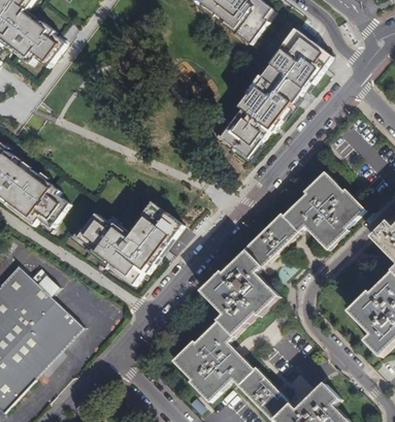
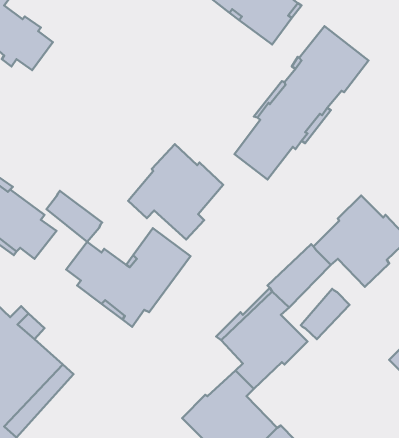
building: none -> [128,144,223,240]
building: none -> [46,191,102,242]
building: none -> [301,289,349,339]

